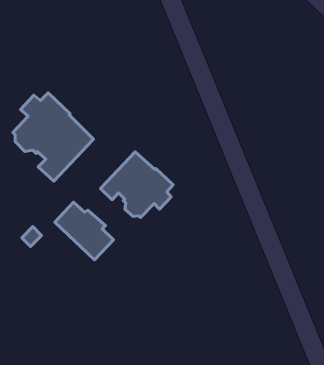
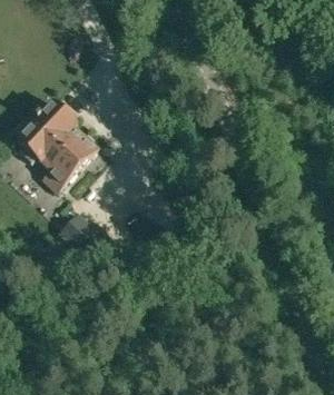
building: [100,152,173,218] -> none

